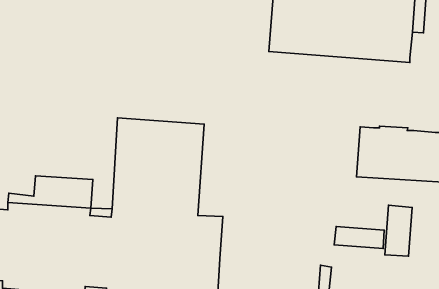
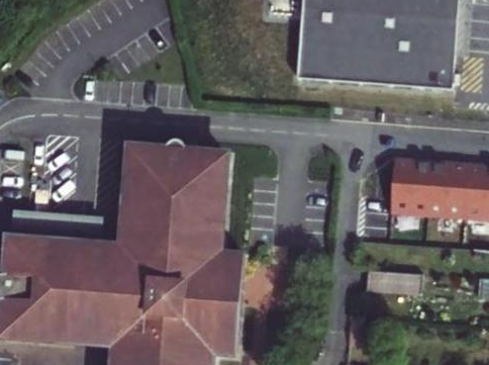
building: [385,205,412,256] -> none

